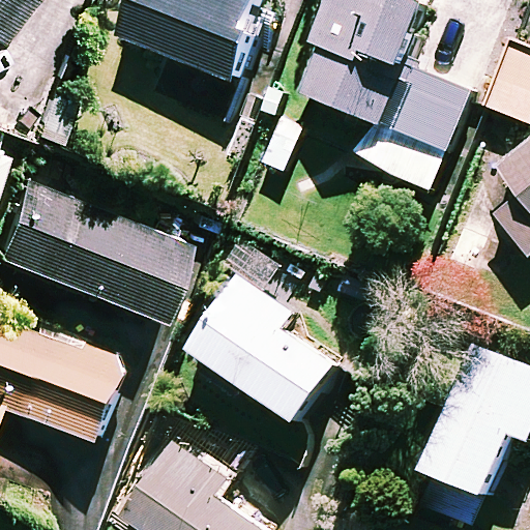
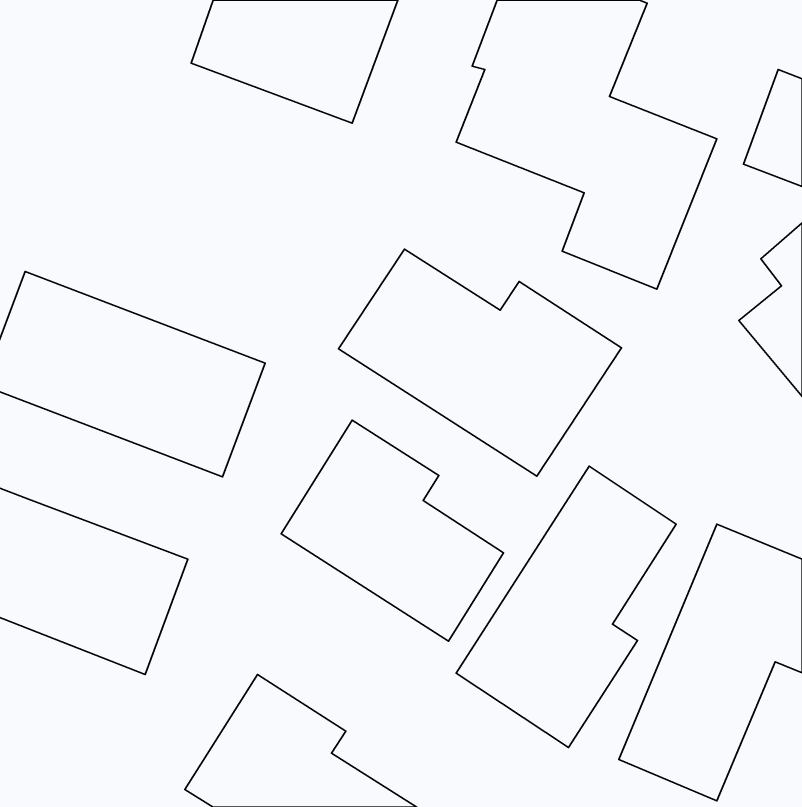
building: none -> [339,249,622,476]
building: none -> [456,466,676,748]

